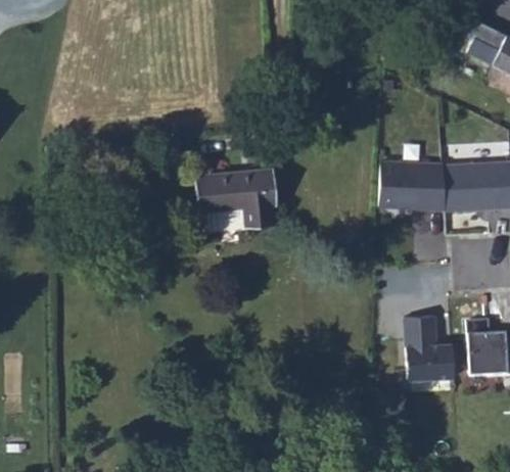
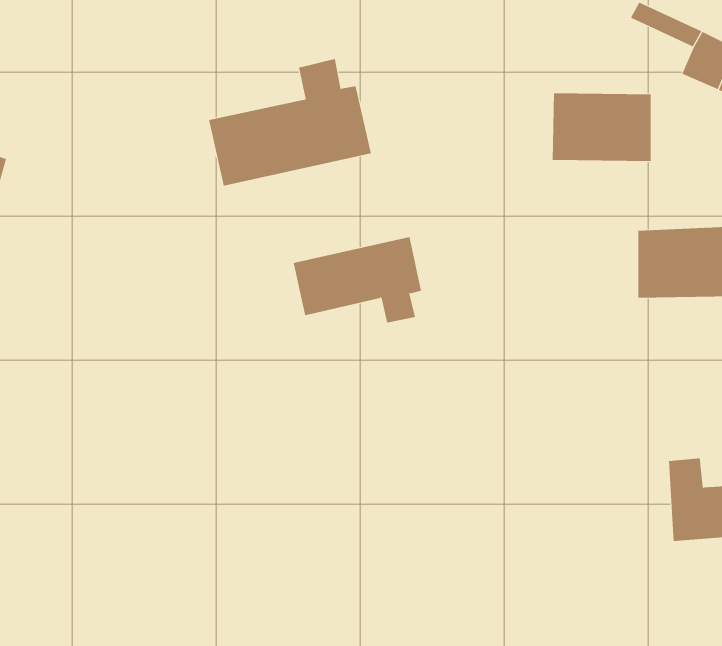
building: none -> [209,58,372,186]
building: [376,161,446,209] -> [552,93,652,162]
building: [402,315,454,385] -> none

